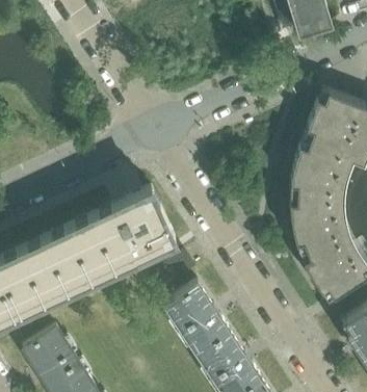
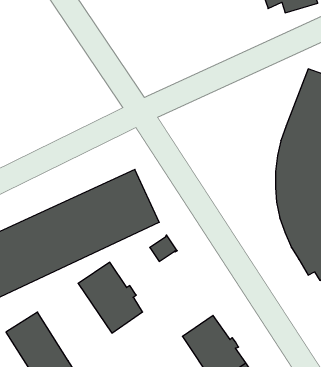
building: [166,287,230,357] -> [78,262,143,333]

